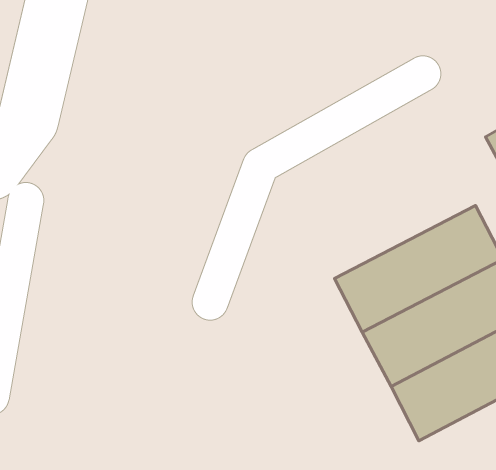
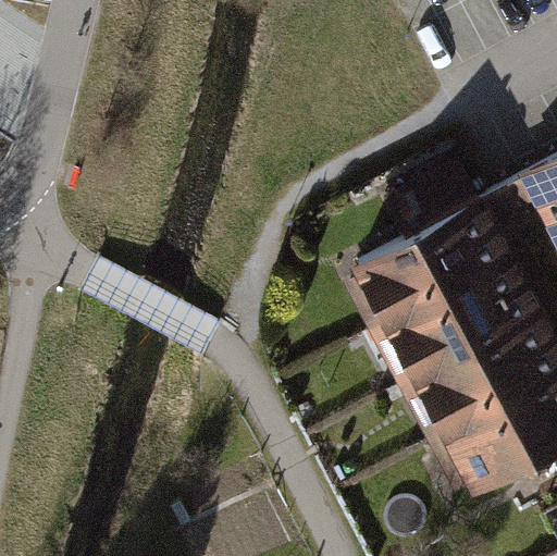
building: none -> [350,172,530,330]

